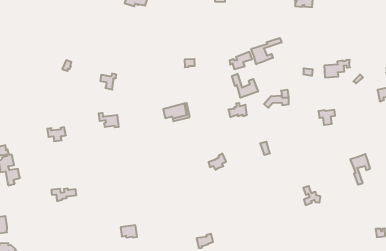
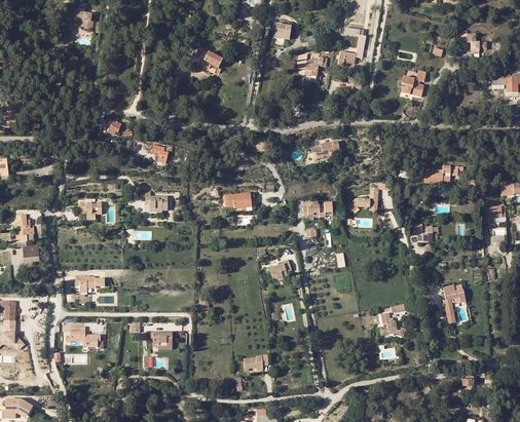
building: [251,38,282,64] -> none
building: [232,74,258,98] -> none
building: none -> [65,325,100,346]

